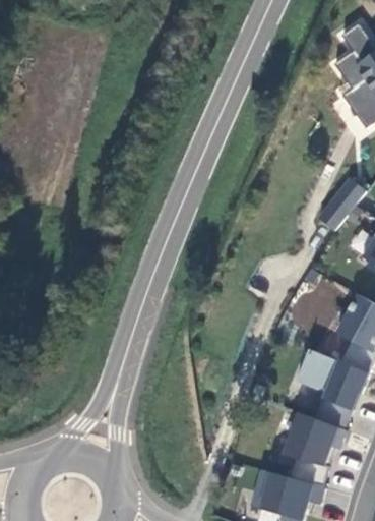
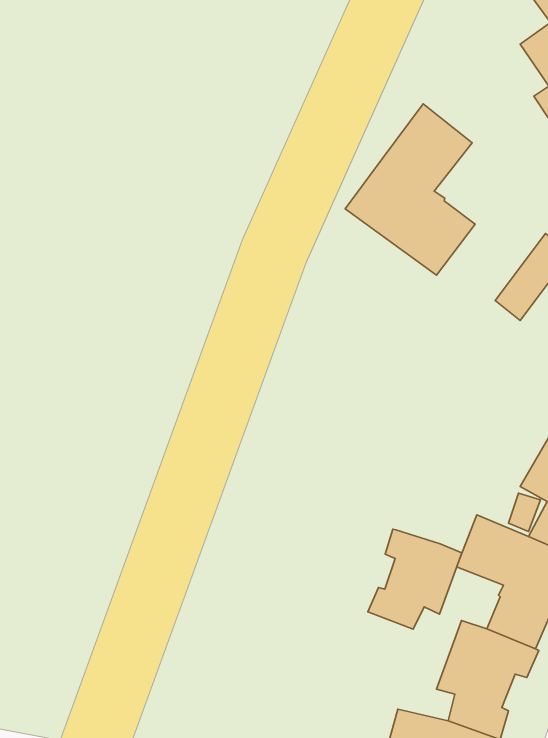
building: none -> [345,104,475,275]
building: none -> [368,529,462,629]

